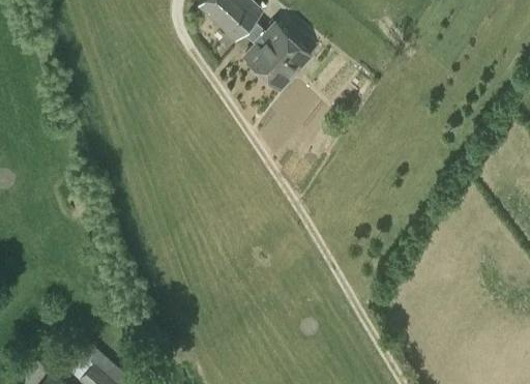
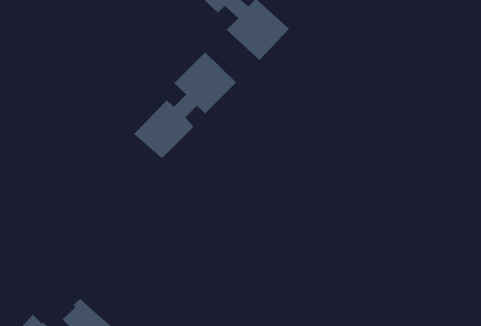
building: none -> [133,52,237,159]

